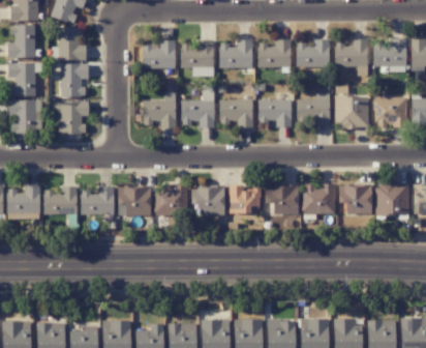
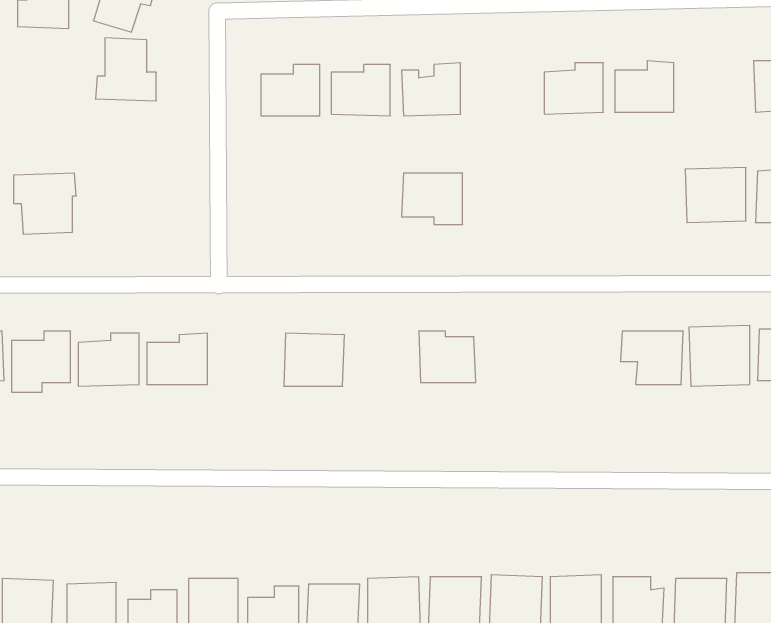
building: [7,25,35,58] -> none
building: [373,38,406,71] -> none
building: [257,39,291,67] -> none
building: [7,63,35,96] -> none
building: [61,63,88,96] -> none
building: [181,90,214,128] -> none
building: [143,92,176,128] -> none
building: [297,93,330,126] -> none
building: [335,96,368,128] -> none
building: [257,99,292,127] -> none
building: [58,100,89,134] -> none
building: [303,184,335,214] -> none
building: [191,185,225,215] -> none
building: [265,185,298,214] -> none
building: [118,186,151,215] -> none

